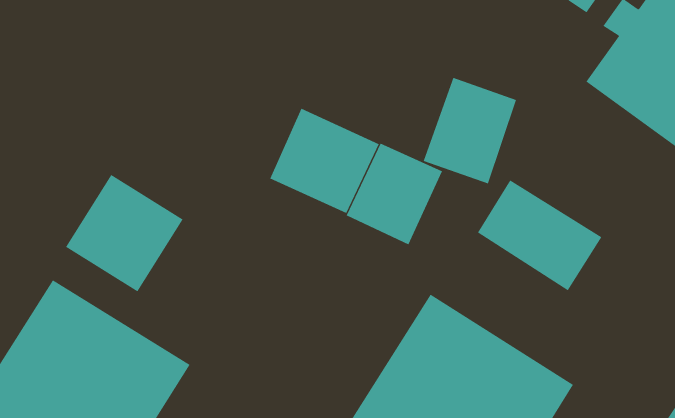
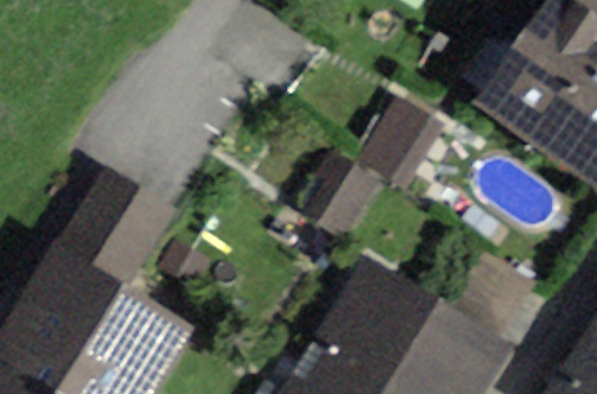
building: [269,108,380,214] -> none
building: [477,179,602,291] -> none

